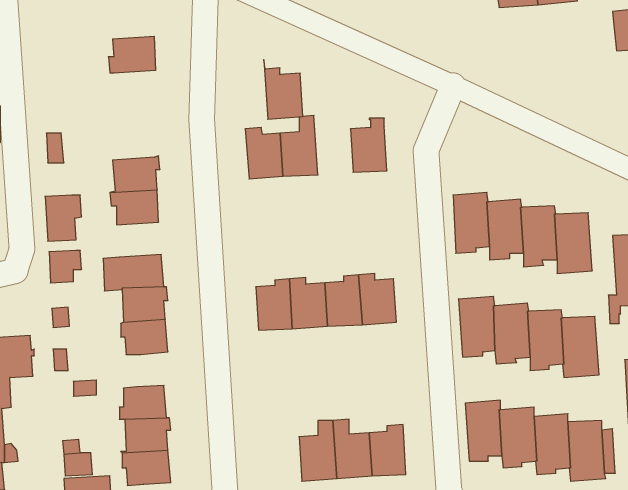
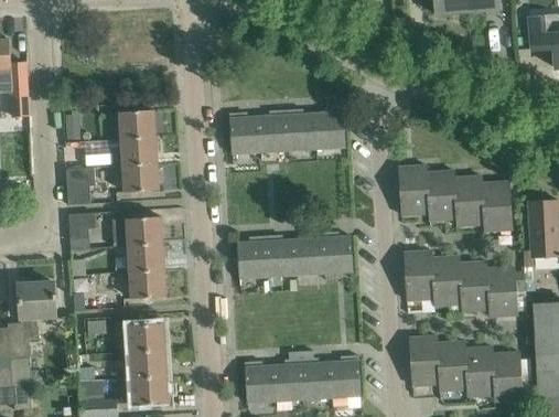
building: [108,36,156,73] -> [116,109,154,139]
building: [264,60,303,119] -> [284,103,316,151]
building: none -> [244,362,275,403]

